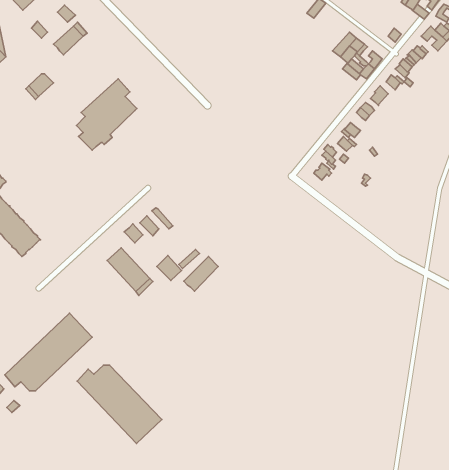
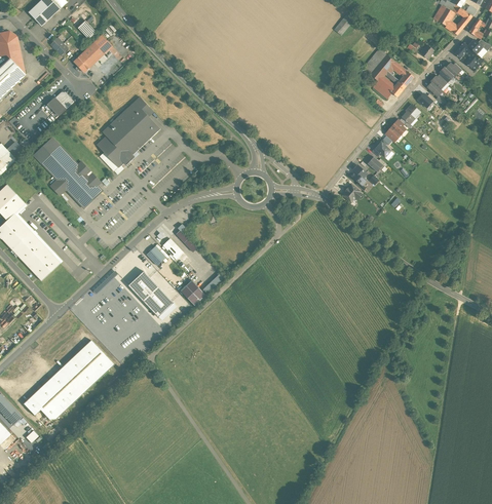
building: none -> [32,137,103,209]
building: [184,256,218,291] -> none
building: [77,365,162,444] -> none

